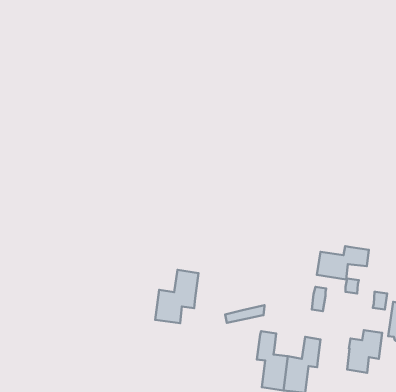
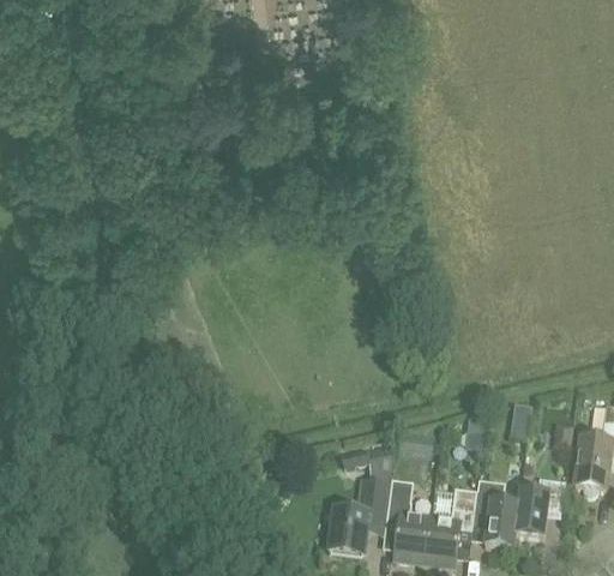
building: [317,246,369,279] -> none
building: [155,270,198,323] -> [327,479,390,556]
building: none -> [472,479,518,548]

